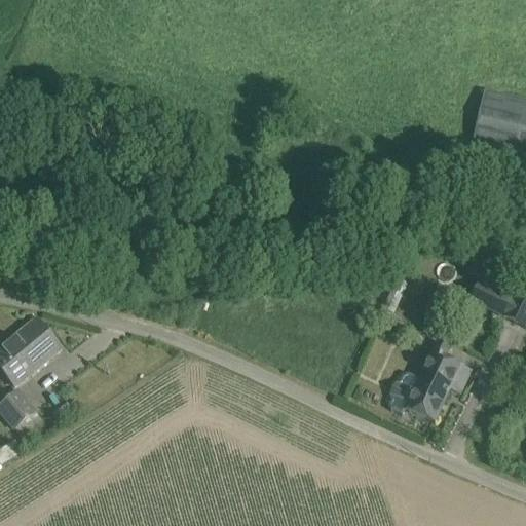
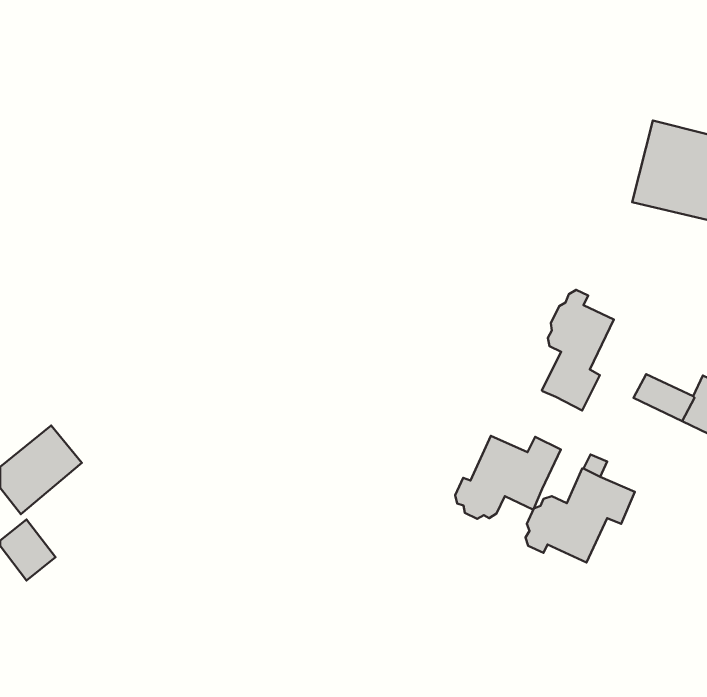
building: none -> [542,290,614,410]
building: none -> [455,436,561,519]

